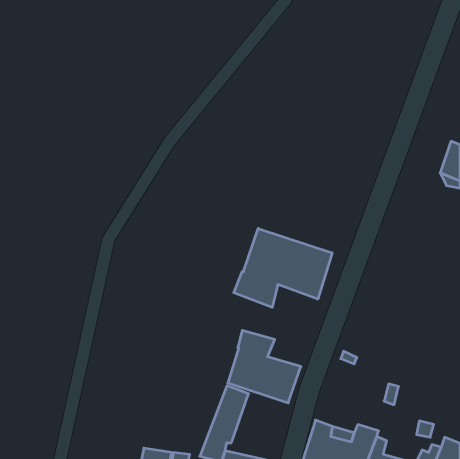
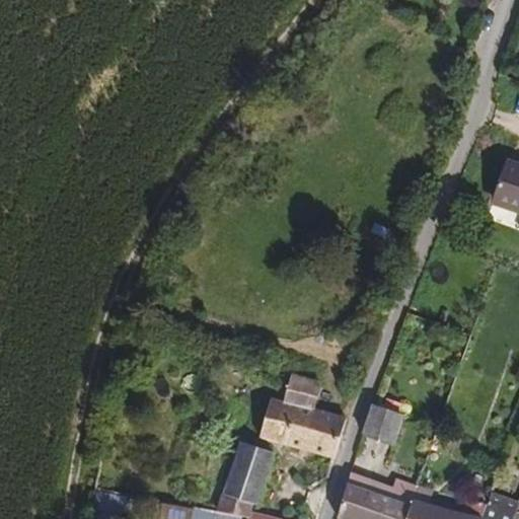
building: [234,228,332,307] -> none
building: none -> [362,405,403,444]

